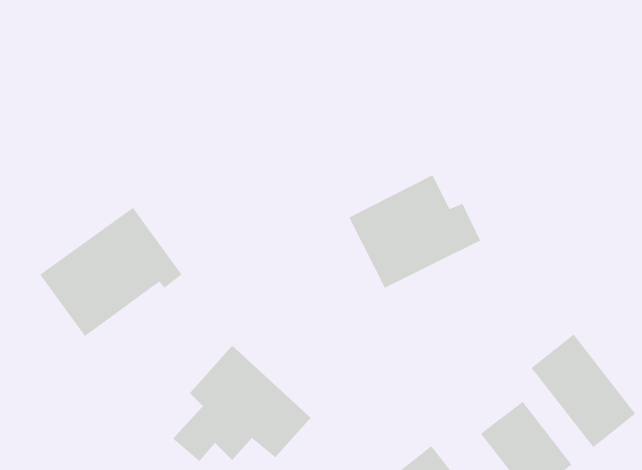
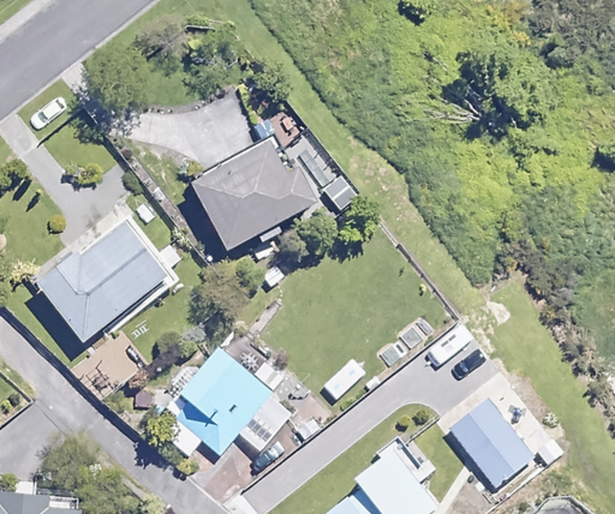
building: [348,174,481,289] -> [192,143,315,249]
building: [531,333,636,448] -> none

